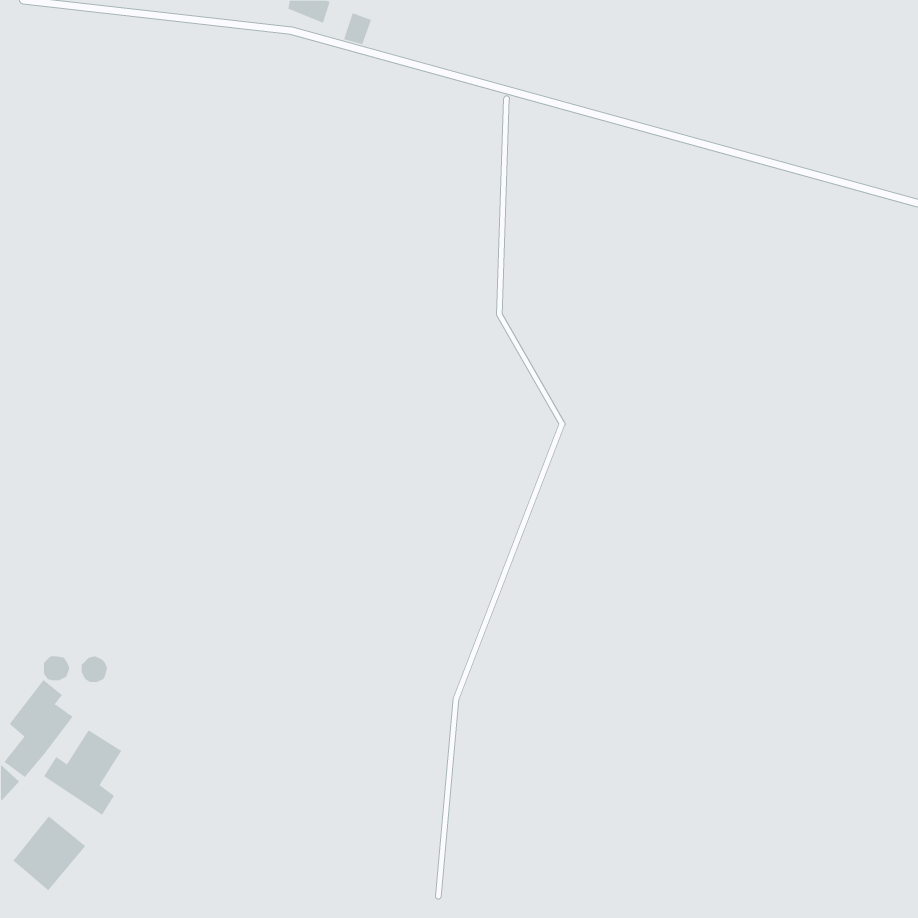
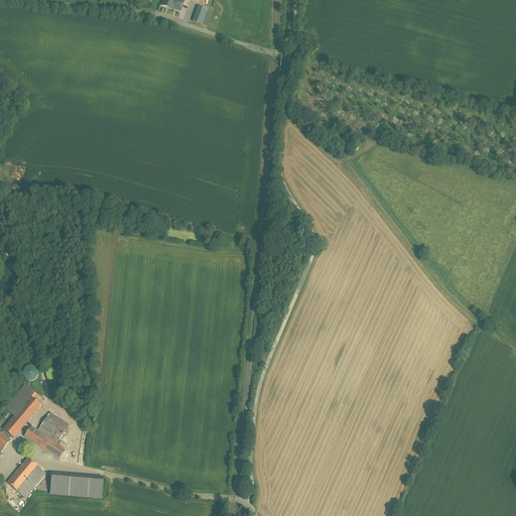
building: none -> [52,475,105,498]

